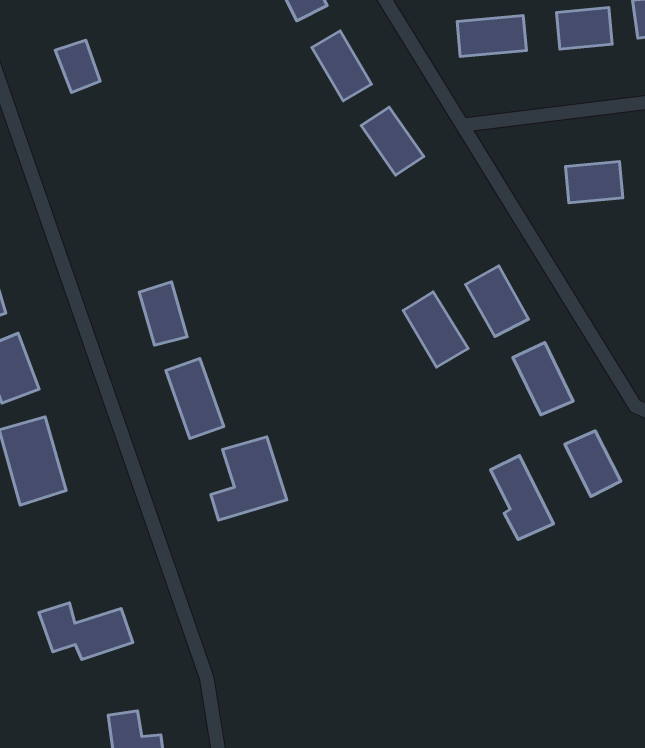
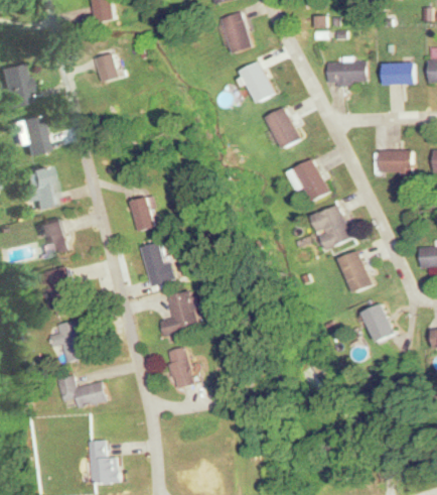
building: [403,292,468,367] -> [293,158,328,202]
building: [491,455,554,539] -> none
building: none -> [50,321,85,360]
building: none -> [165,346,193,387]

